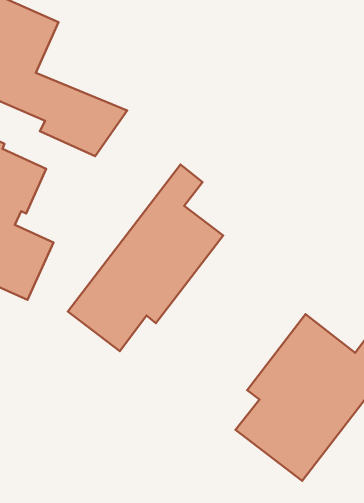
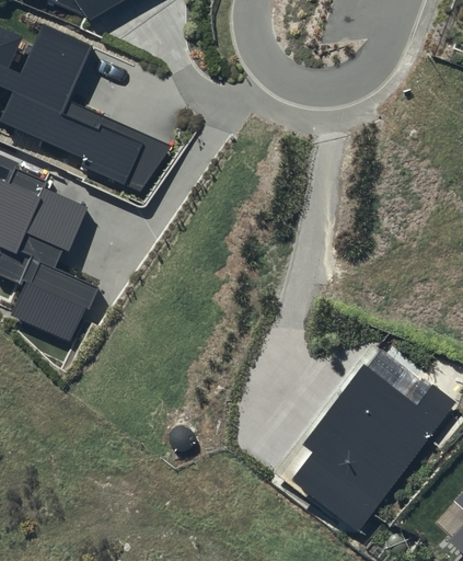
building: [68,164,223,351] -> none

